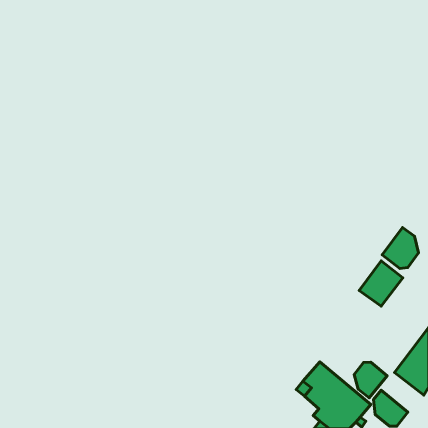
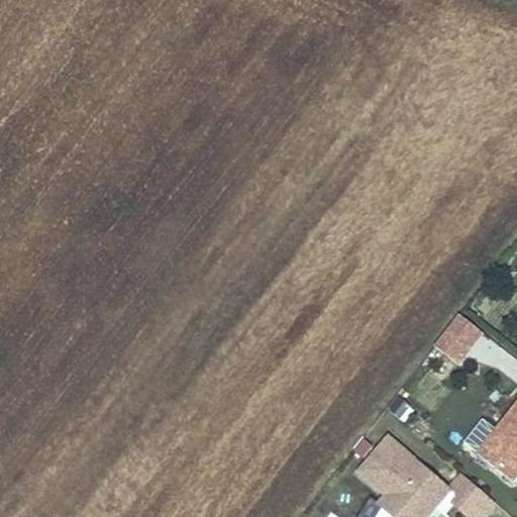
building: [382,228,419,269] -> none
building: [354,362,387,398] -> none

